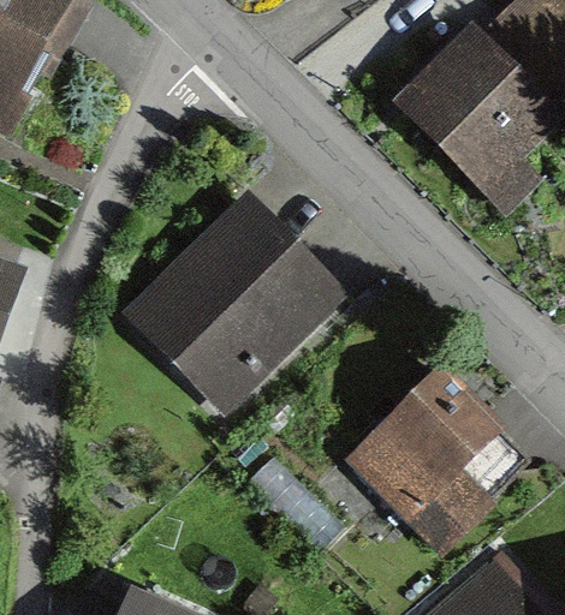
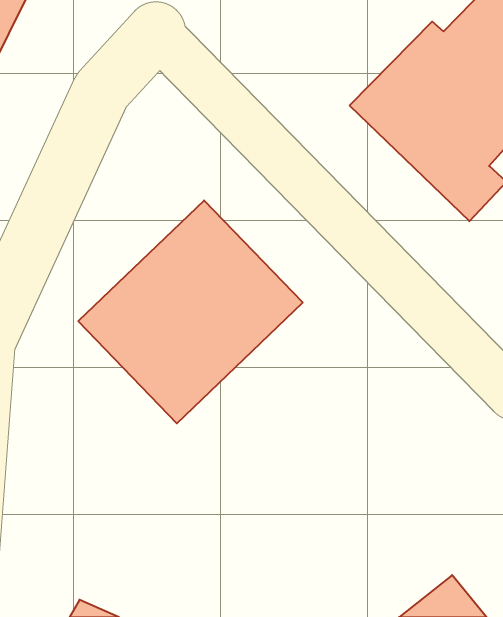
building: [359,369,506,524] -> none

